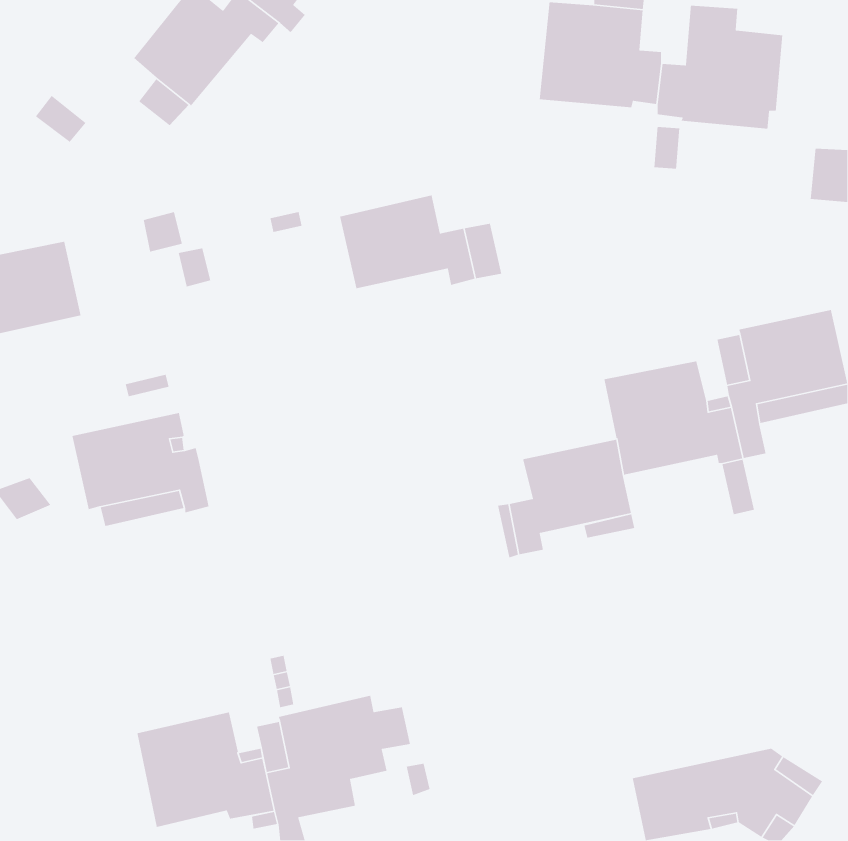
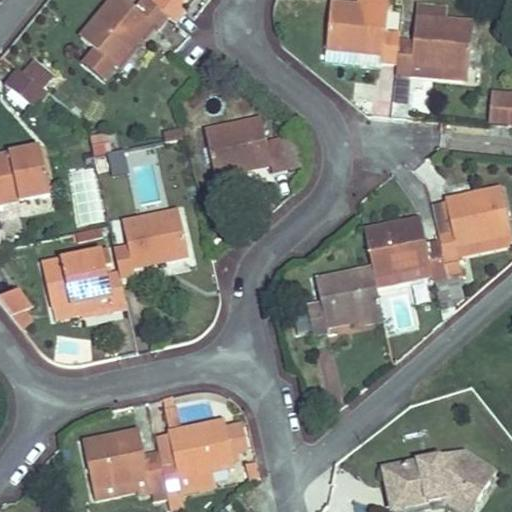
building: none -> [4,65,48,106]
building: none -> [113,208,188,277]

